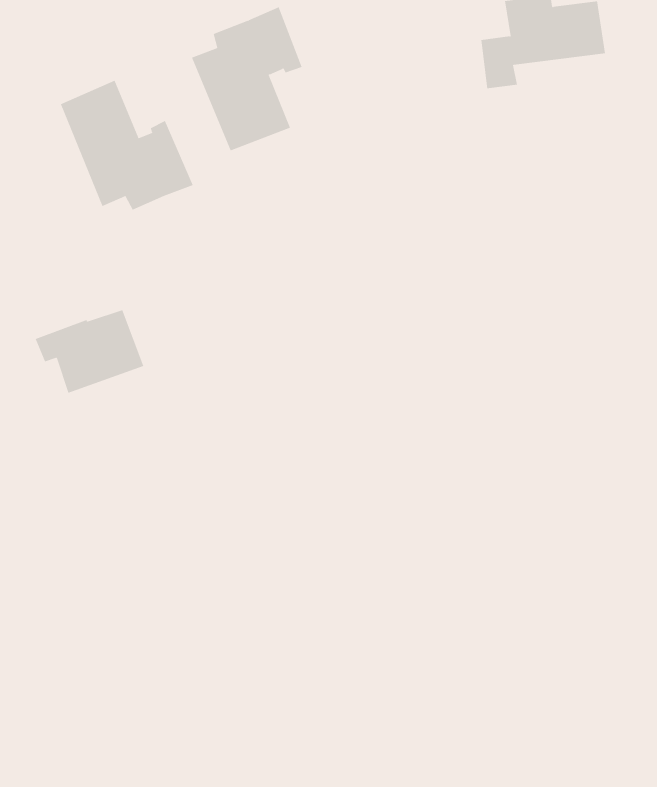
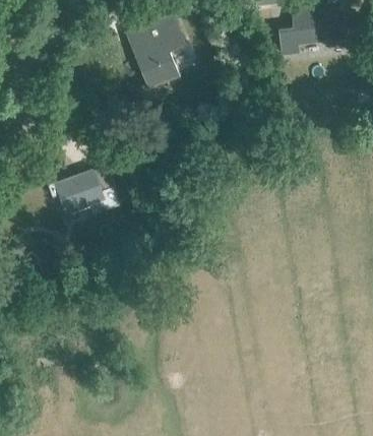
building: [60,80,194,211] -> none

